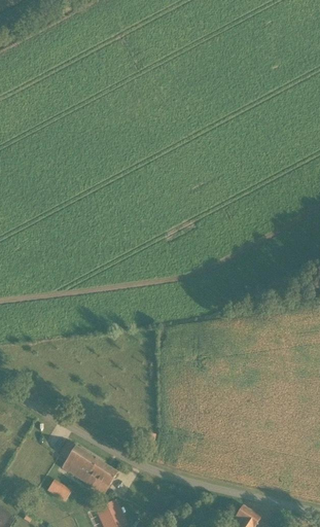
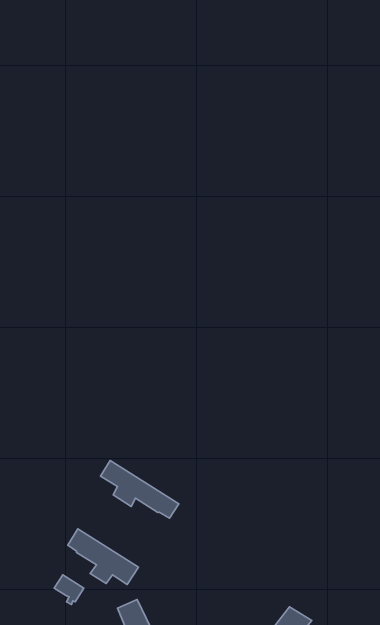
building: none -> [100,461,179,518]

